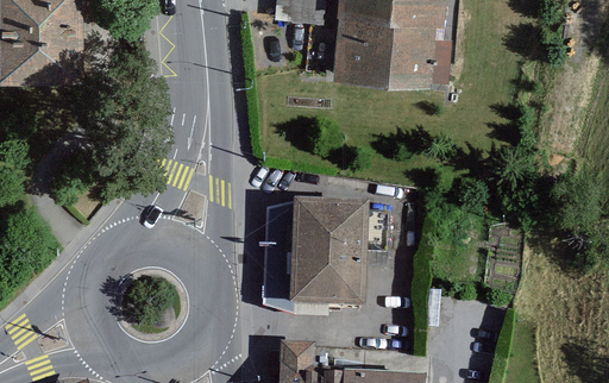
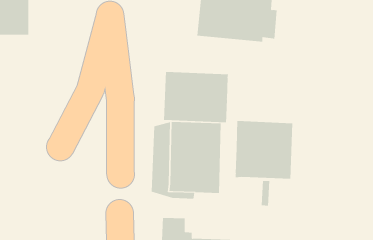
building: none -> [164,71,228,123]
building: none -> [235,120,293,180]

